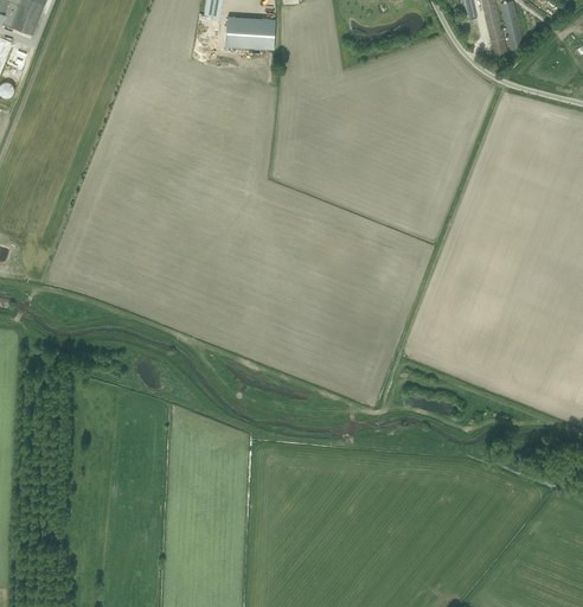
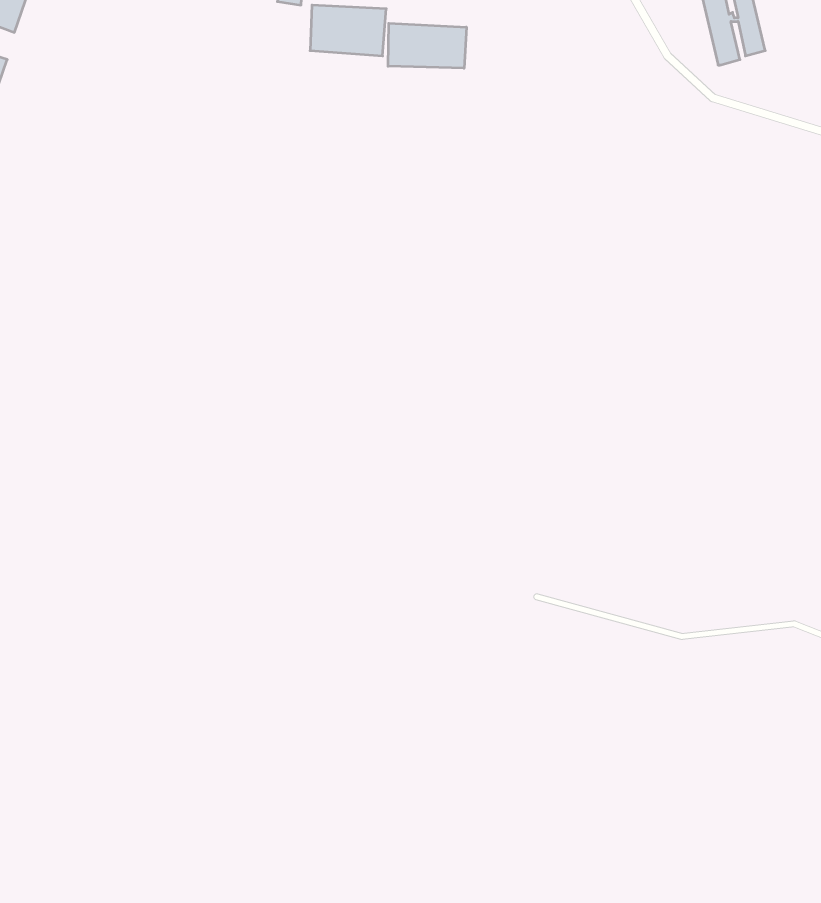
building: none -> [388,23,466,68]

